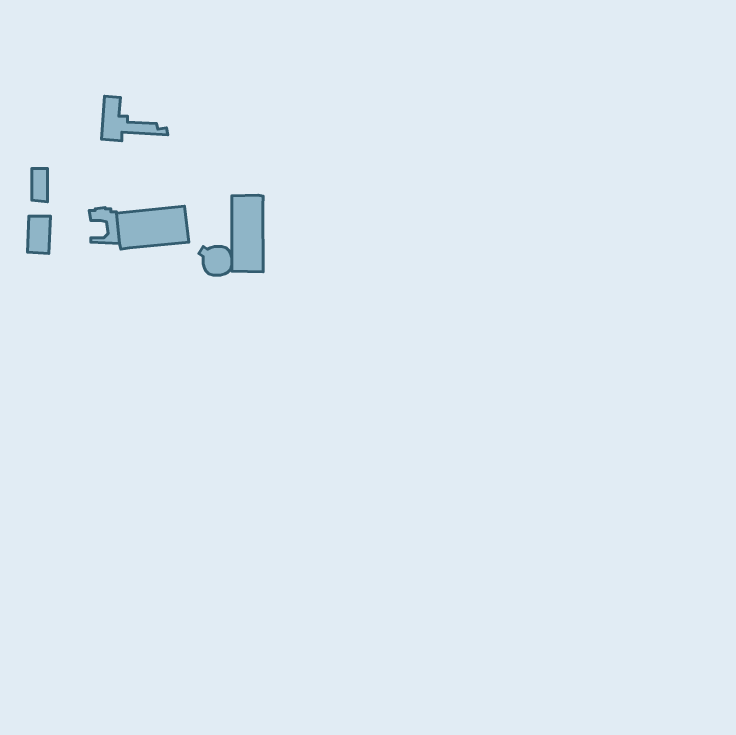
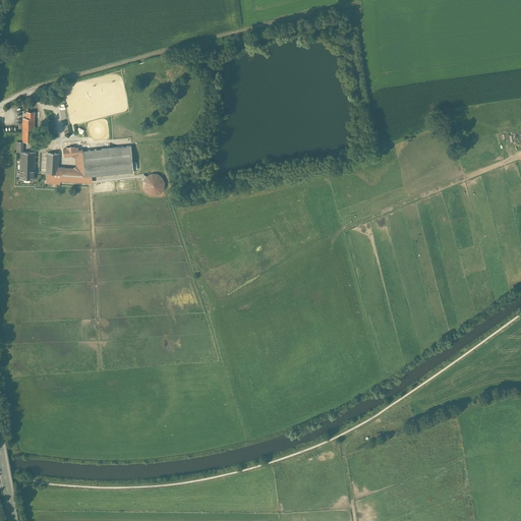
building: [102,96,168,141] -> [46,154,93,185]
building: [232,195,263,272] -> none

